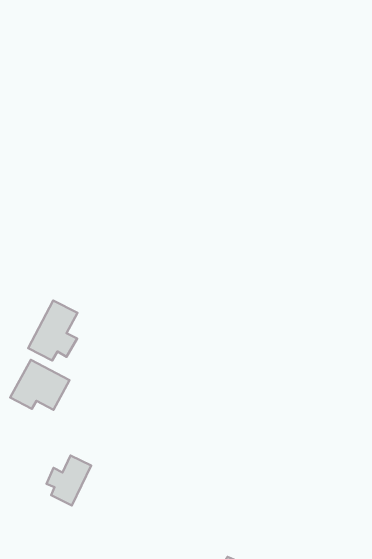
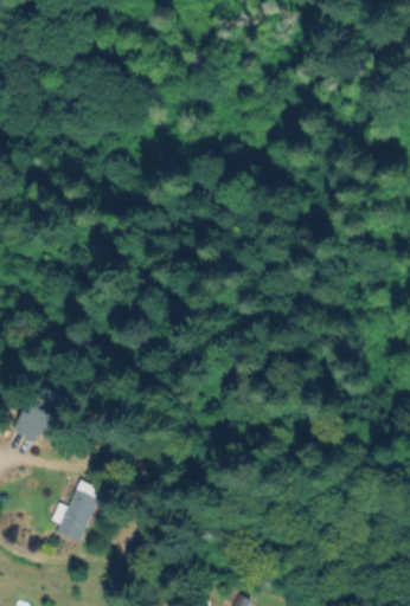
building: [28,300,78,361] -> none

